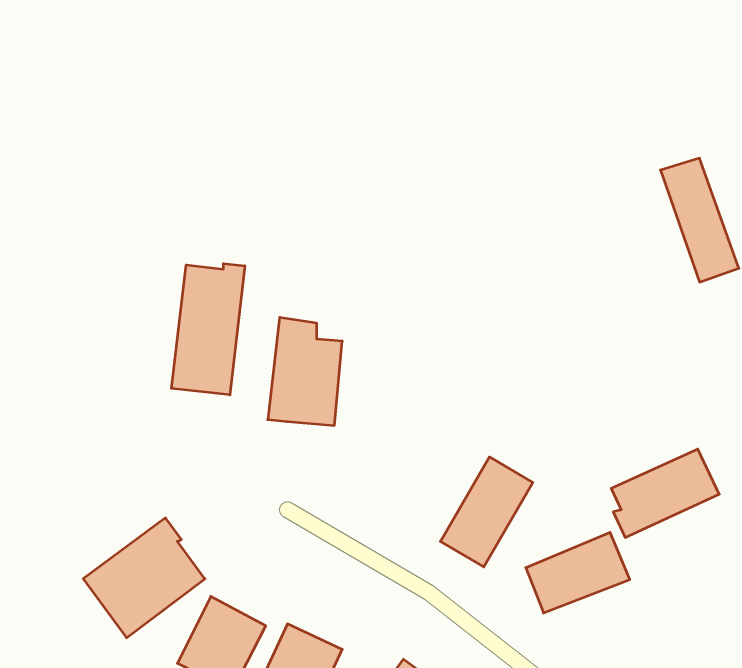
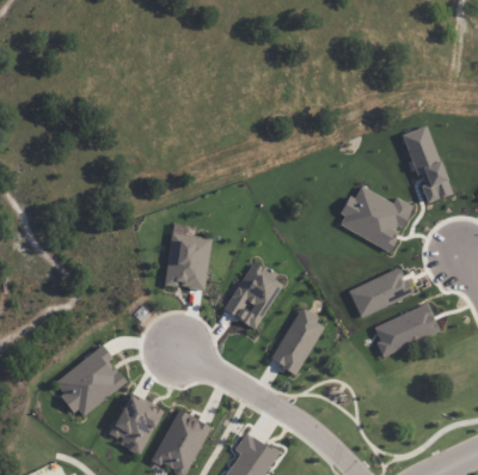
building: none -> [336,187,412,251]
building: [171,264,245,395] -> none
building: none -> [222,261,281,329]
building: [526,532,630,613] -> [348,268,411,317]

